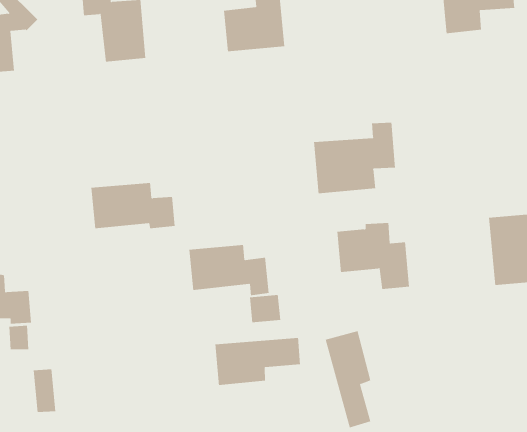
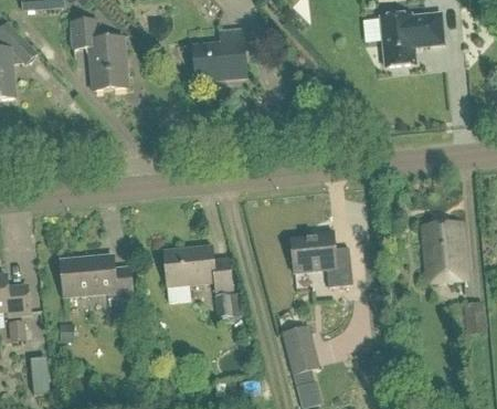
building: [313,122,395,194] -> none
building: [90,182,175,229] -> [60,256,133,296]
building: [215,337,300,386] -> none

